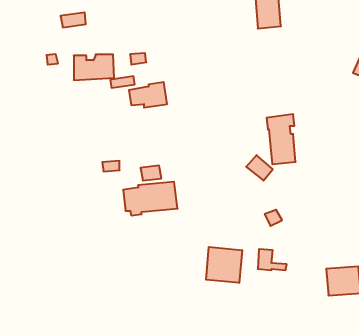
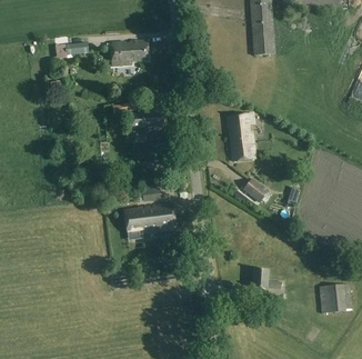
building: [74,54,114,80] -> [111,41,150,66]
building: [267,114,296,164] -> [227,113,254,161]
building: [206,247,242,283] -> none

